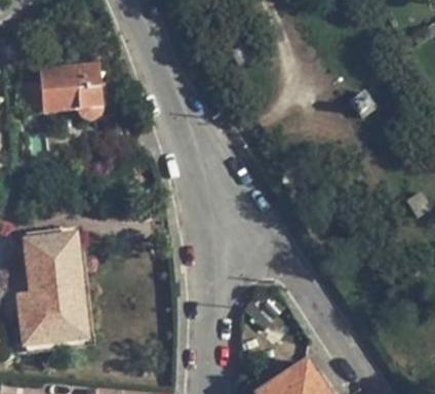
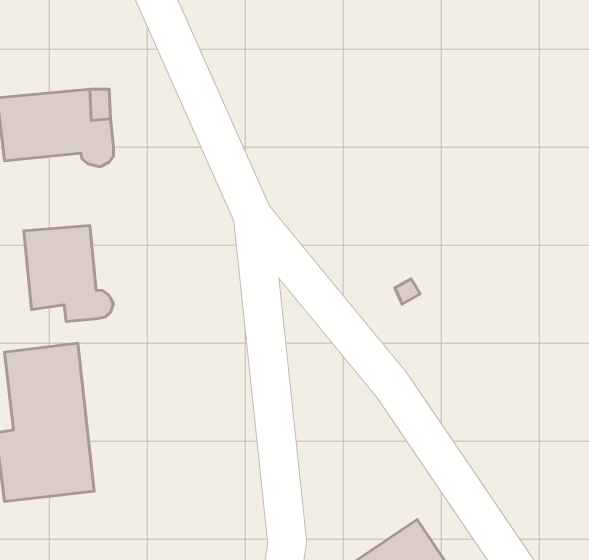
building: none -> [24,225,113,321]

